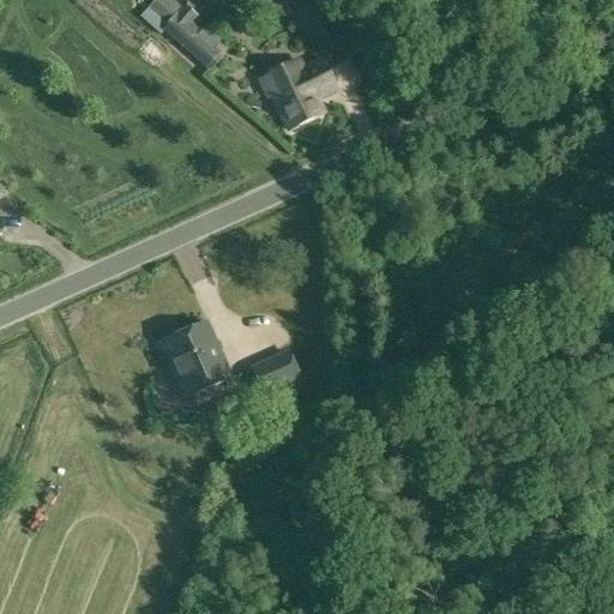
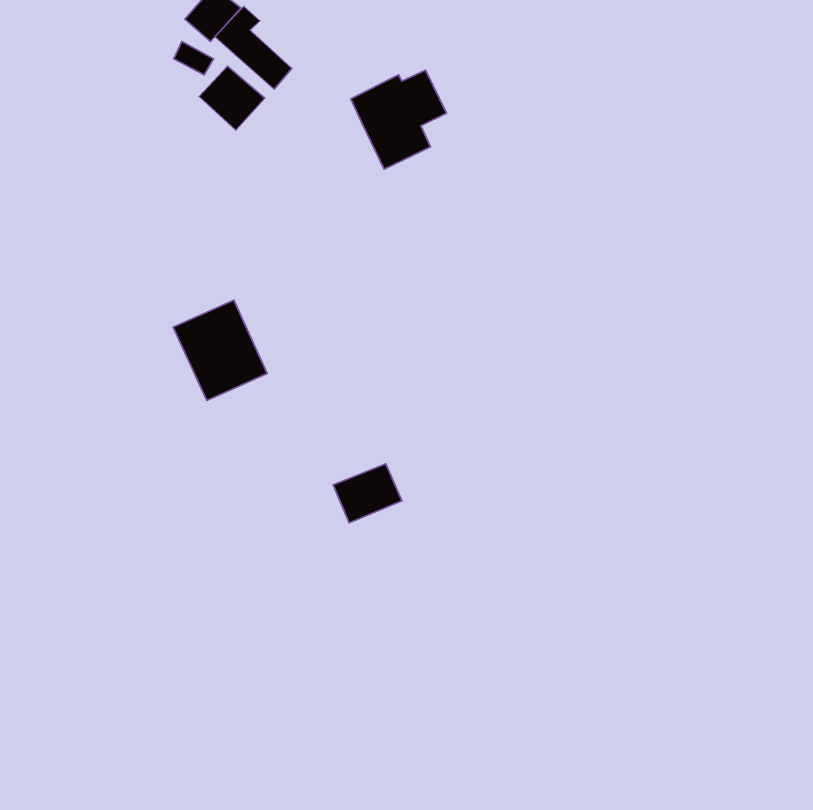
building: none -> [199,66,265,130]
building: [162,320,233,396] -> [173,300,267,401]

